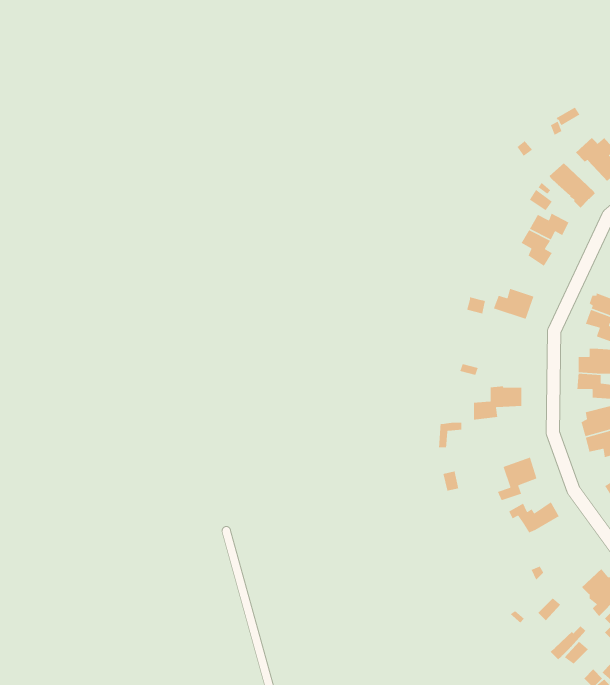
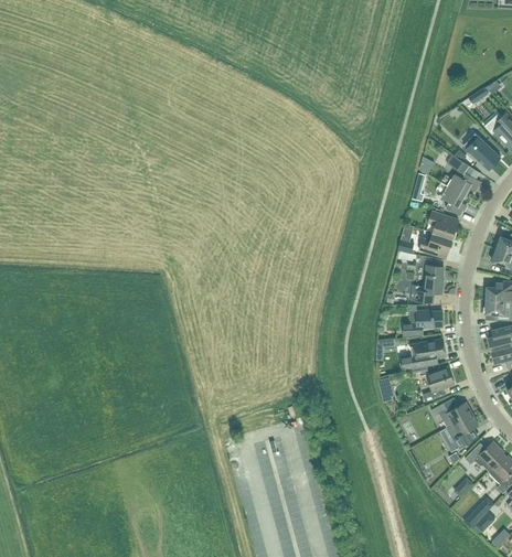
building: none -> [427,211,458,239]
building: none -> [410,265,442,302]
building: none -> [399,339,446,369]
building: none -> [447,414,478,450]
building: none -> [465,441,504,470]

